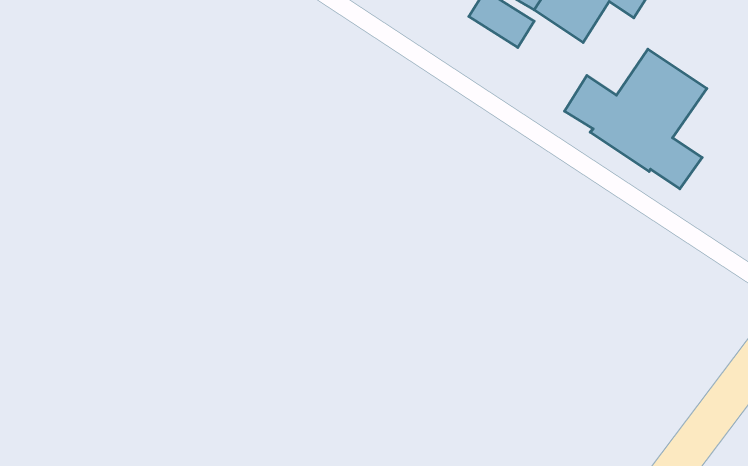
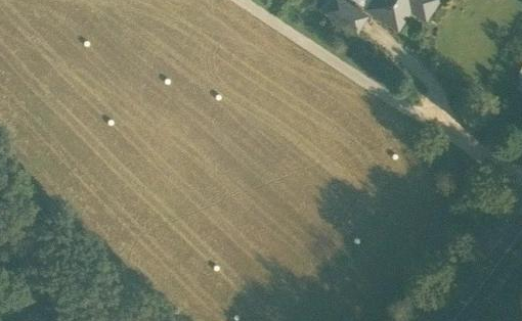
building: [564,49,707,189] -> none

